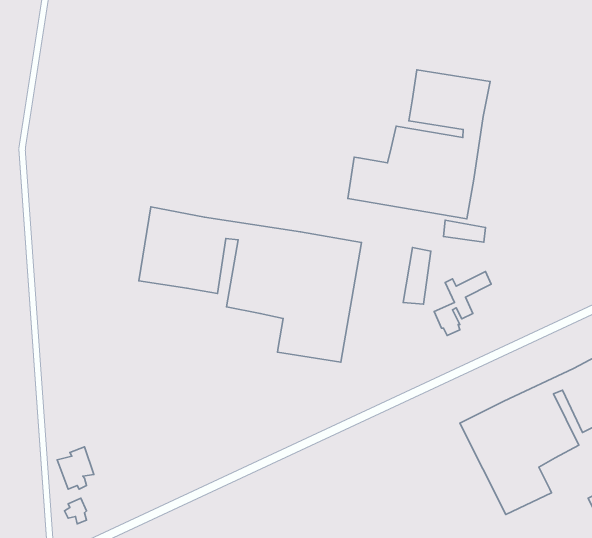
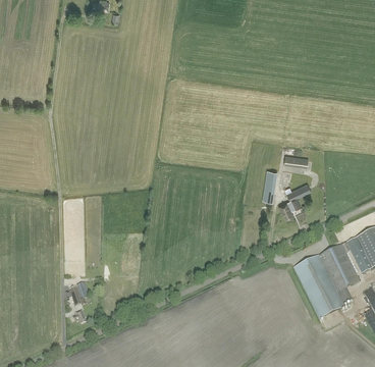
building: [348,70,490,219] -> none
building: [139,207,362,362] -> none

